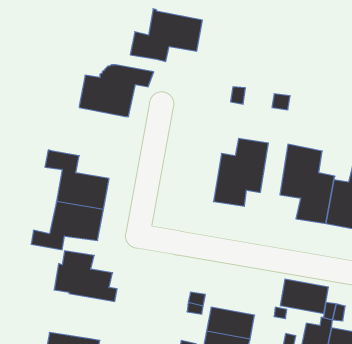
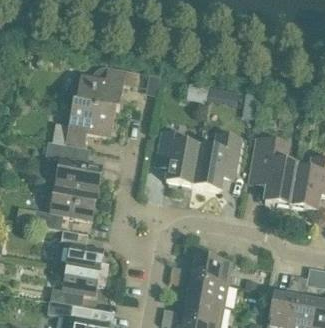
building: [130,9,202,62] -> [52,103,115,149]
building: none -> [156,131,199,187]
building: [280,279,328,313] -> [190,256,232,286]
building: none -> [49,267,106,306]

